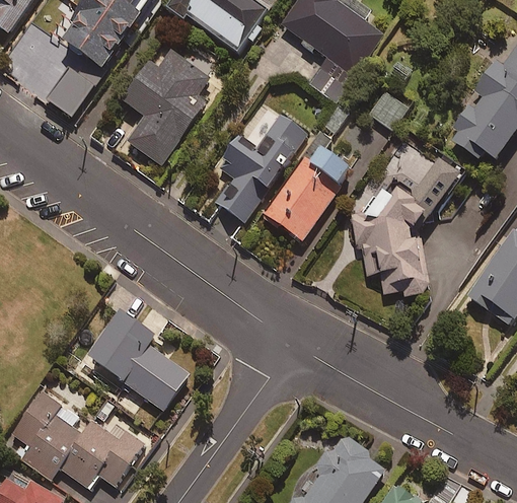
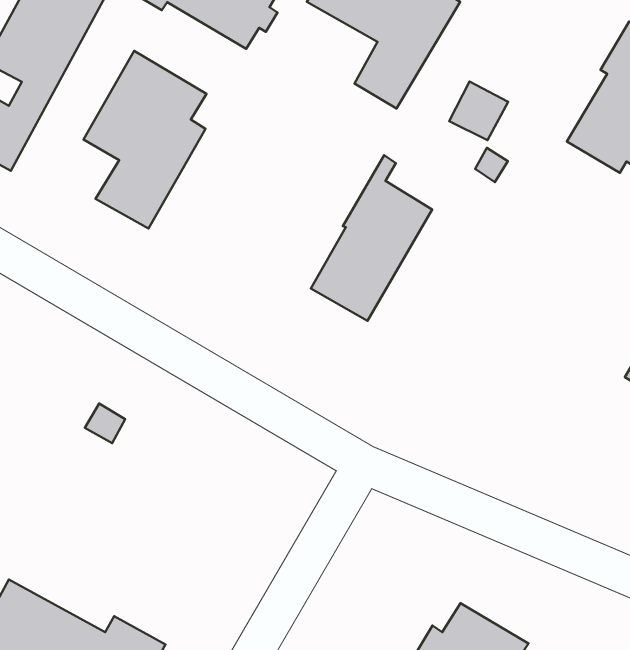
building: [213,112,307,220] -> none
building: [350,154,460,295] -> none
building: [89,313,190,411] -> none

